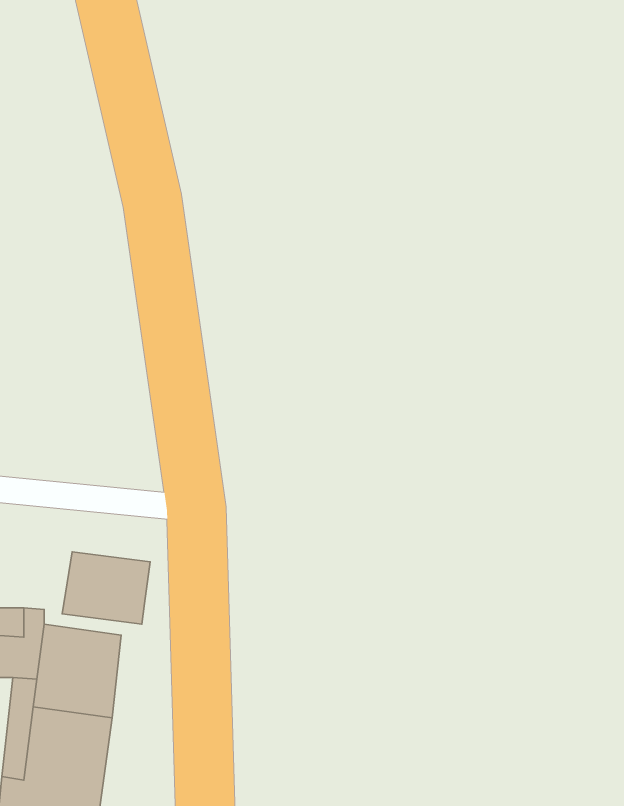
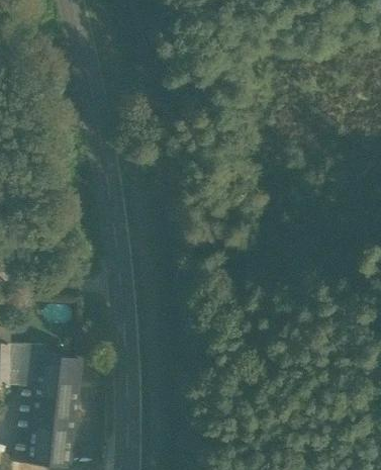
building: [62,552,150,624] -> none

